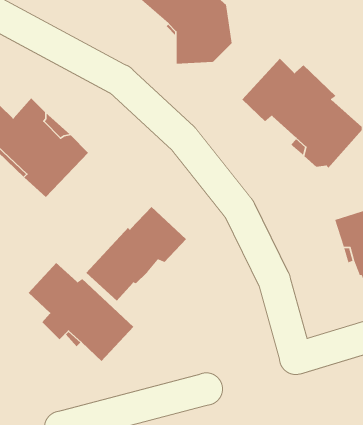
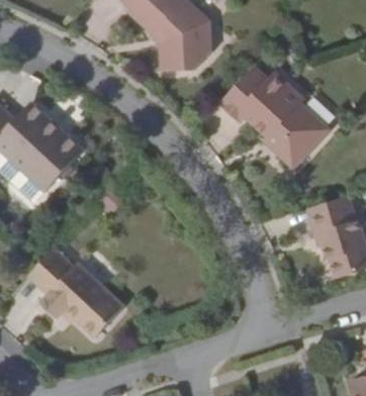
building: [85,206,187,301] -> none

